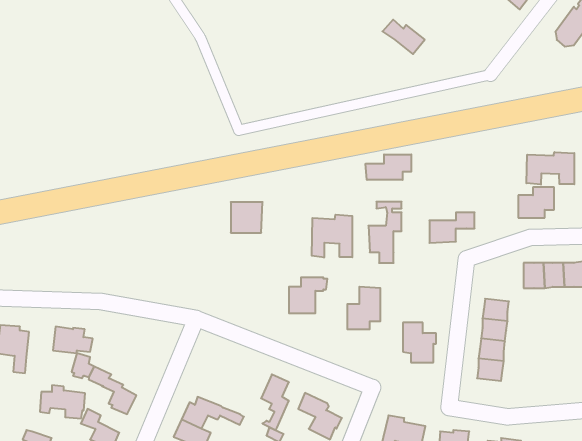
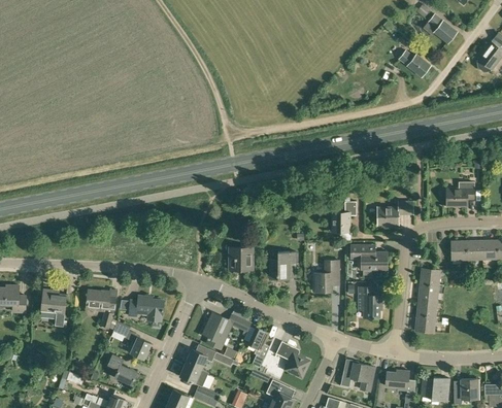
building: [382,20,425,54] -> [398,49,431,76]
building: [526,152,574,185] -> none
building: [366,154,411,180] -> none
building: [231,202,263,233] -> [229,246,254,270]
building: [312,215,352,258] -> none
building: none -> [352,244,387,275]
building: none -> [202,312,252,348]
building: [40,385,85,418] -> [129,295,164,320]

